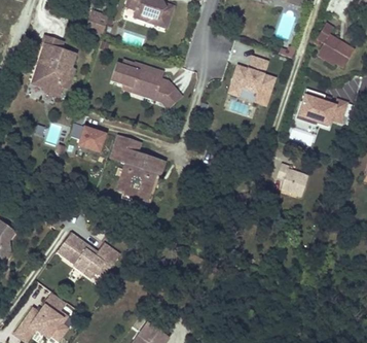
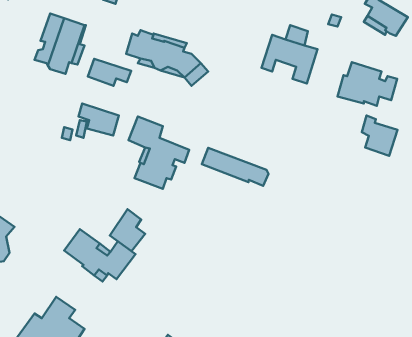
building: none -> [88,59,131,86]
building: [277,161,307,196] -> [362,116,397,156]
building: none -> [202,148,269,186]
building: none -> [110,209,145,251]

